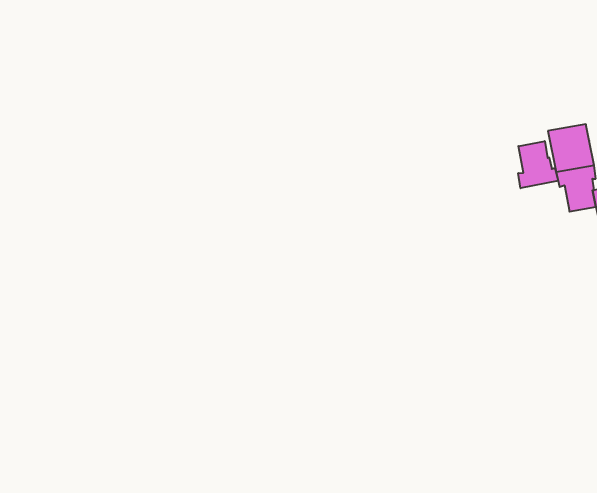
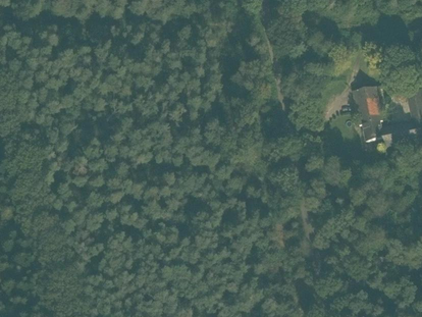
building: [518,141,558,188] -> none

